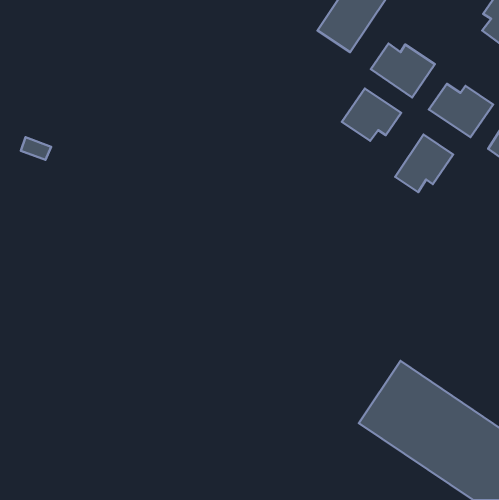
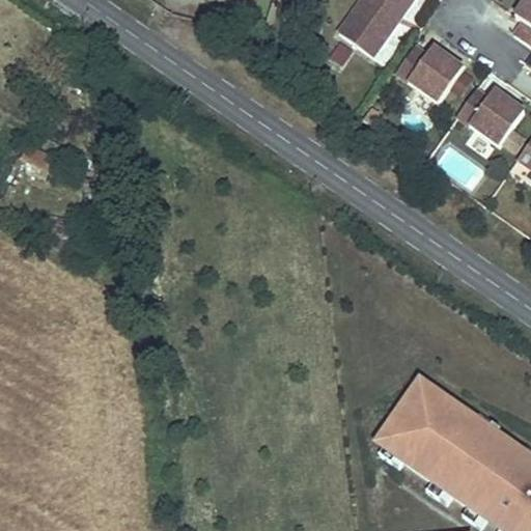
building: [342,89,401,141] -> none
building: [395,134,453,192] -> none

